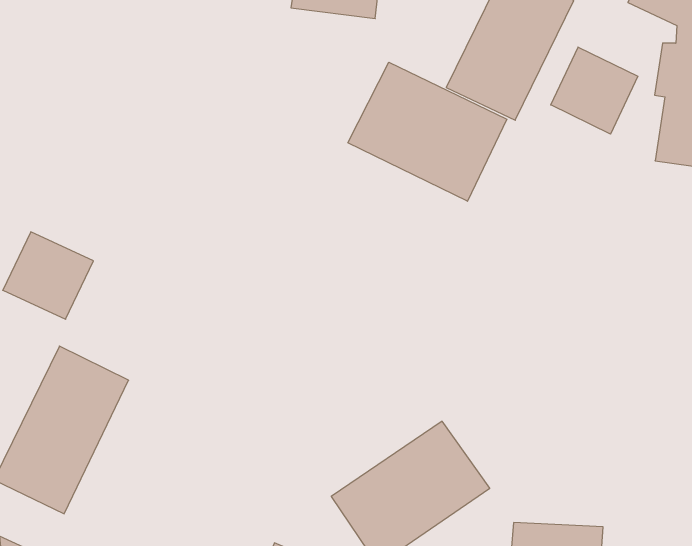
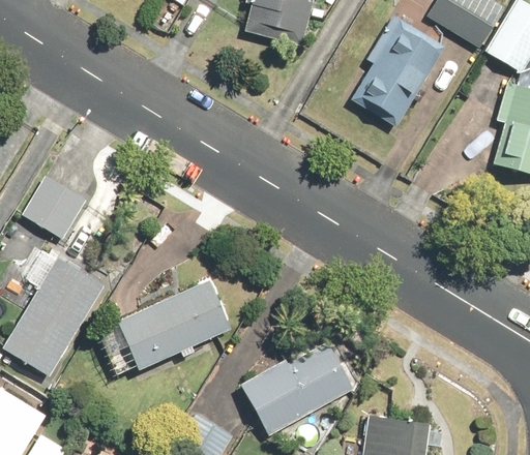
building: [551,47,638,134] -> none
building: [348,62,507,201] -> none
building: none -> [114,277,232,368]

